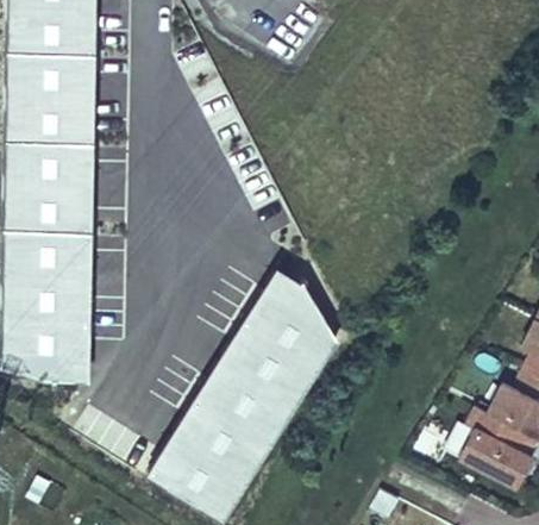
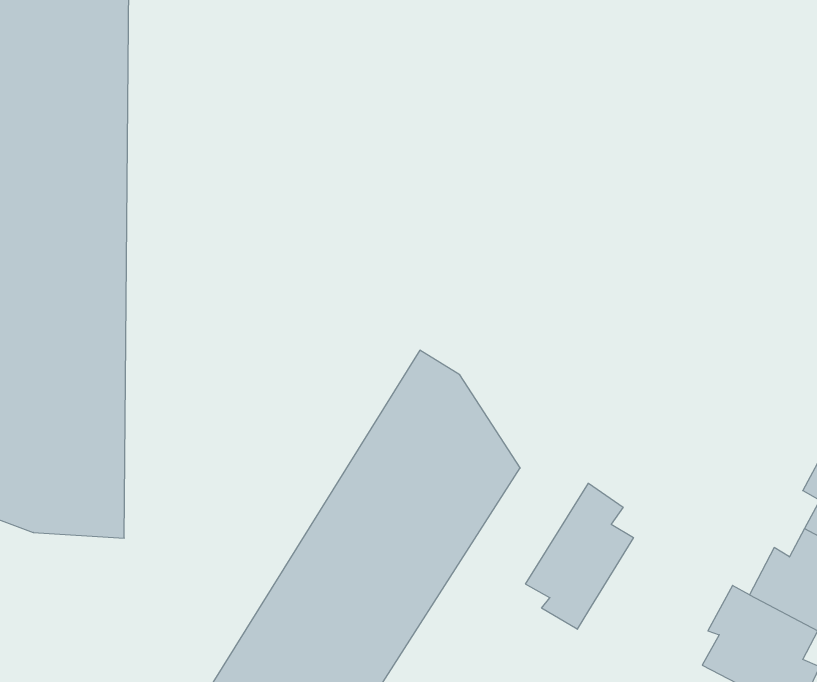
building: none -> [526,483,633,629]

